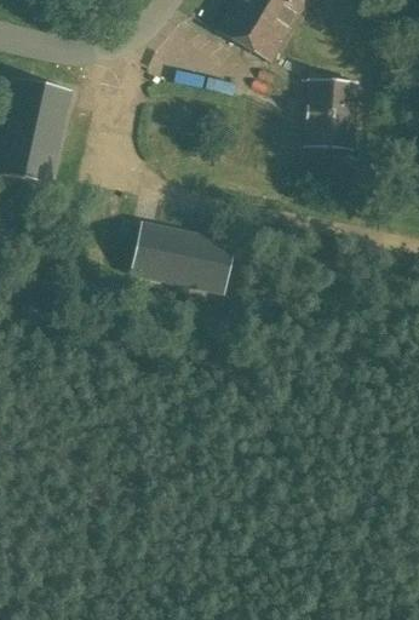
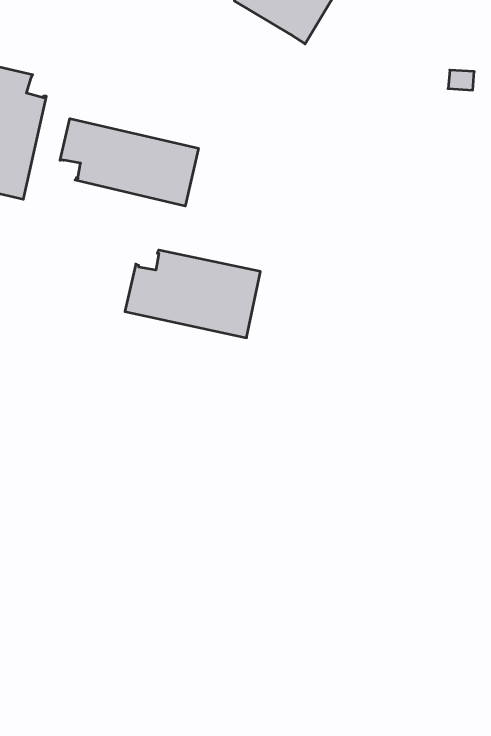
building: [304,78,357,150] -> none
building: none -> [60,119,198,206]

